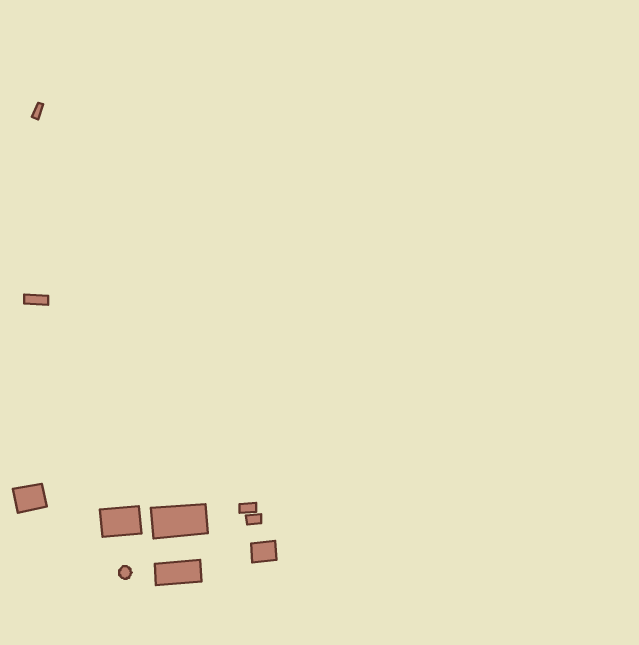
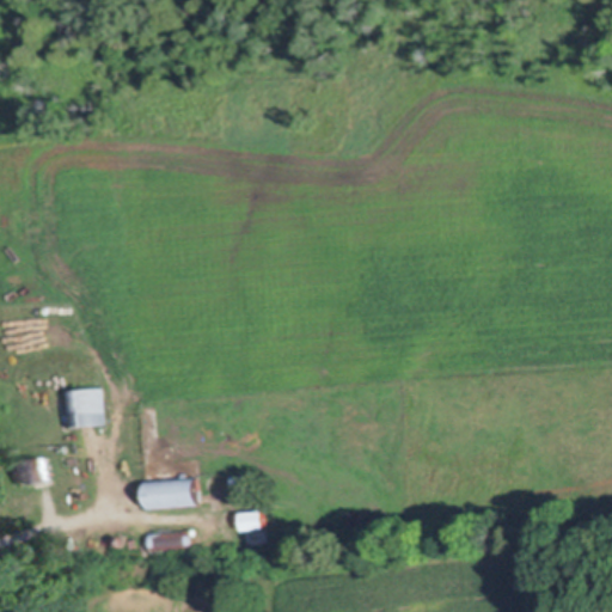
building: none -> [62,388,100,427]
building: [100,506,141,537] -> none

